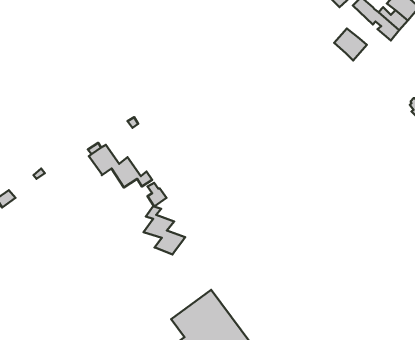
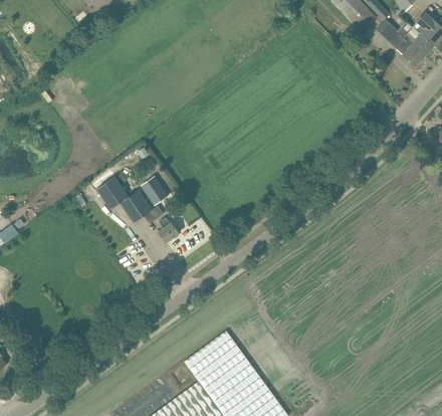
building: [334,28,367,60] -> none
building: none -> [142,177,168,205]
building: [144,206,185,254] -> none

